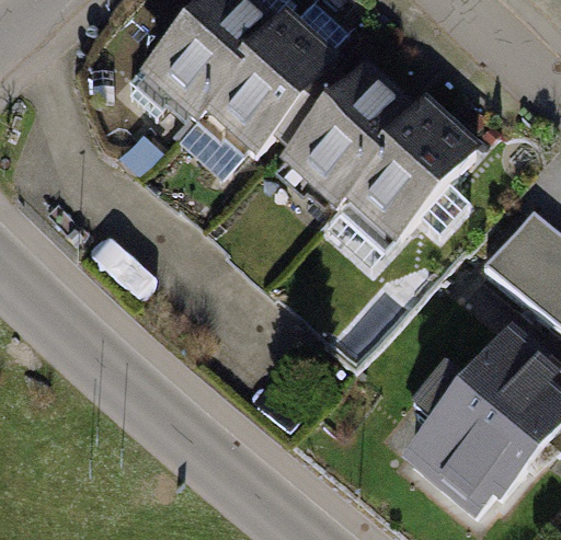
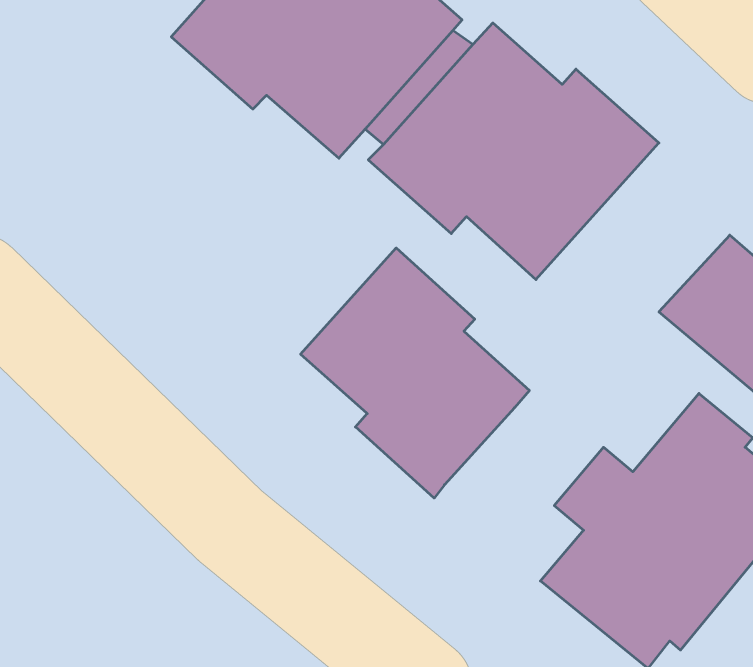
building: none -> [301,248,529,498]

